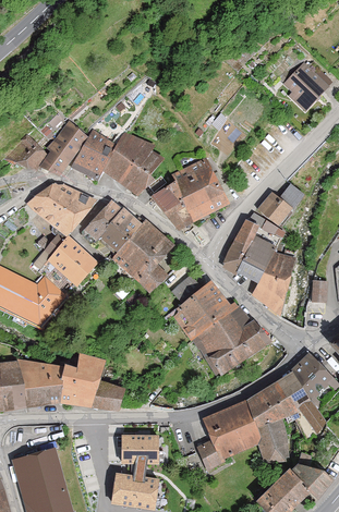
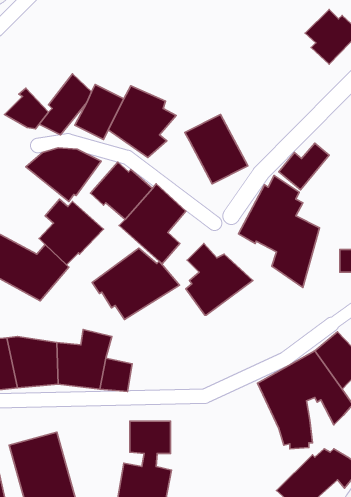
building: [150,181,196,230] -> none
building: [191,308,270,374] -> [92,248,179,320]
building: [196,402,257,471] -> none

